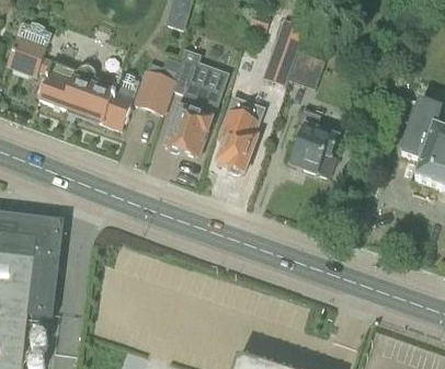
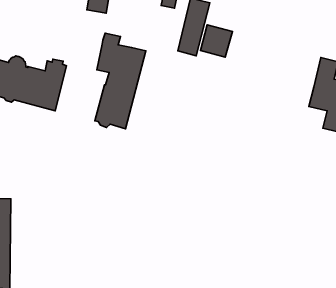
building: [134,58,180,115] -> none
building: [215,100,262,175] -> none
building: [288,105,338,178] -> none

